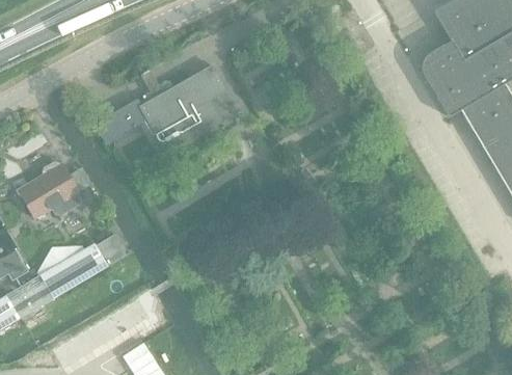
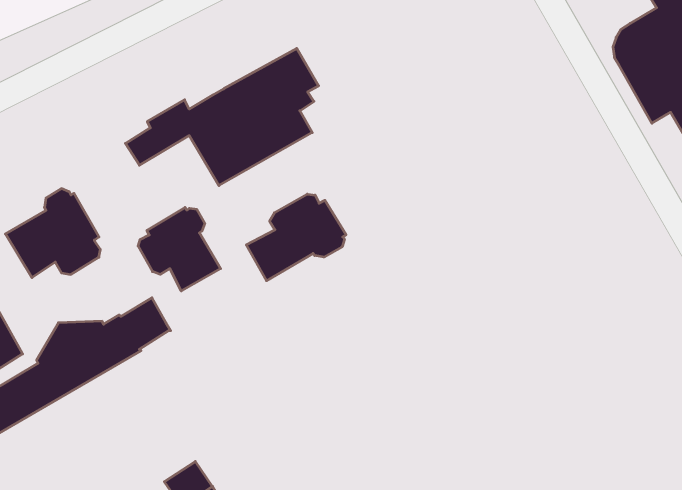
building: none -> [246,194,346,281]
building: none -> [138,207,221,291]

